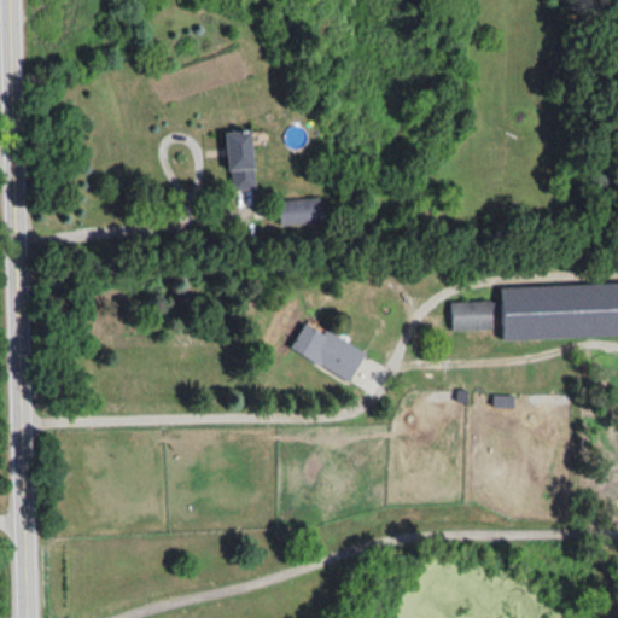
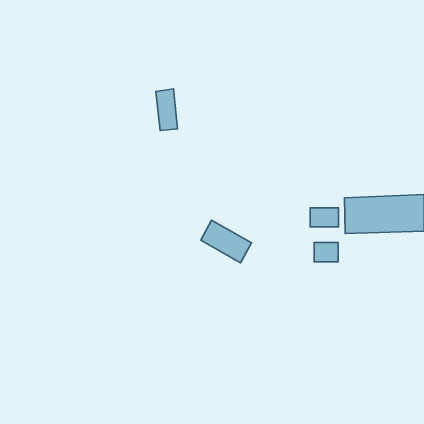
building: [281,199,322,225] -> none
building: none -> [314,242,338,262]

